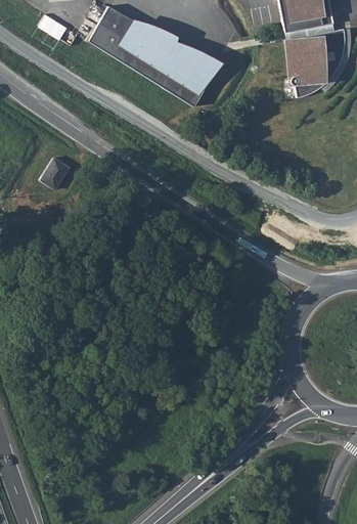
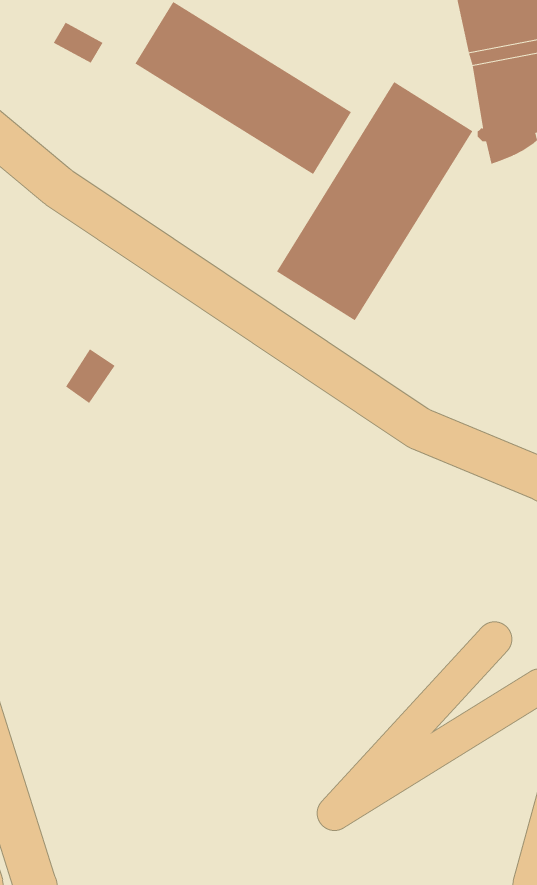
building: none -> [276,81,473,321]
building: [39,160,69,192] -> [65,348,115,404]

